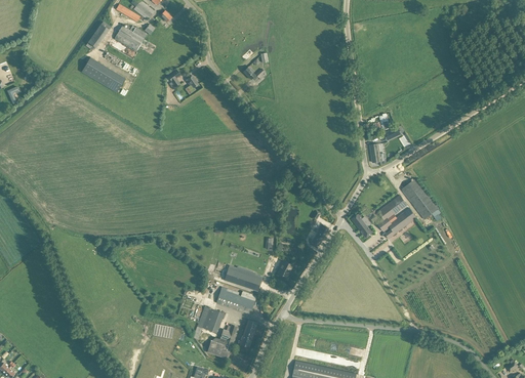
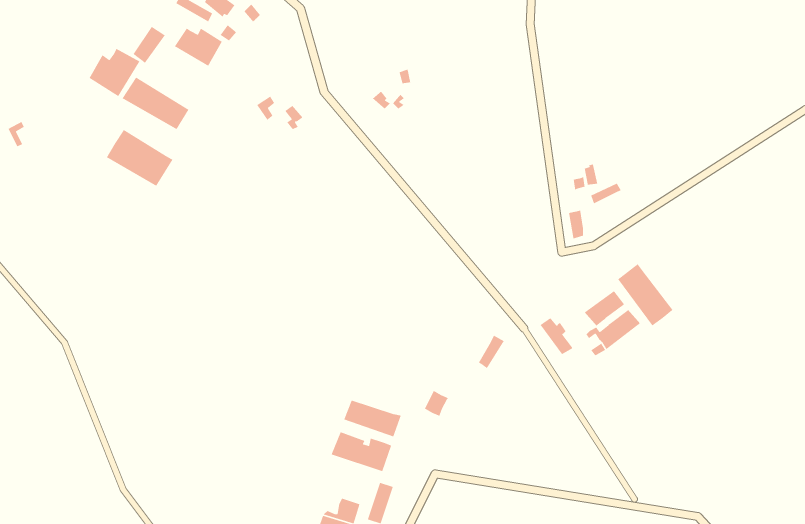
building: none -> [89,48,140,97]
building: none -> [106,128,173,187]
building: [192,305,223,338] -> none

